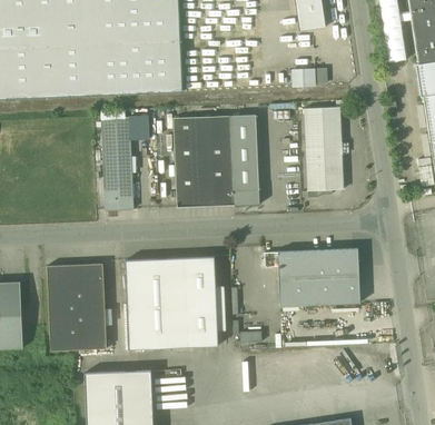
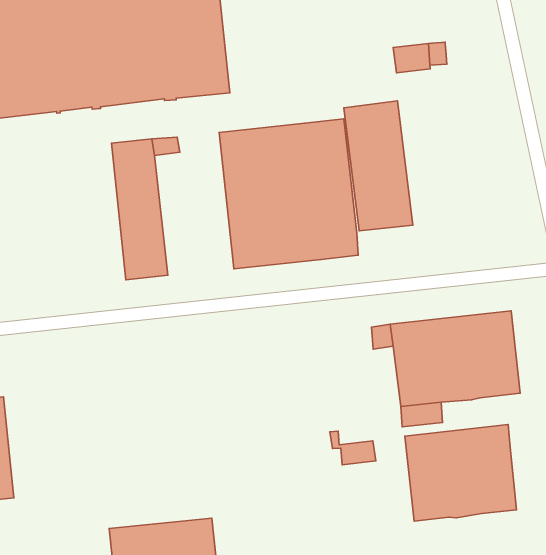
building: [304,107,344,190] -> [344,101,413,231]
building: [126,257,218,349] -> none
building: [47,264,107,350] -> none
building: none -> [405,425,516,521]

